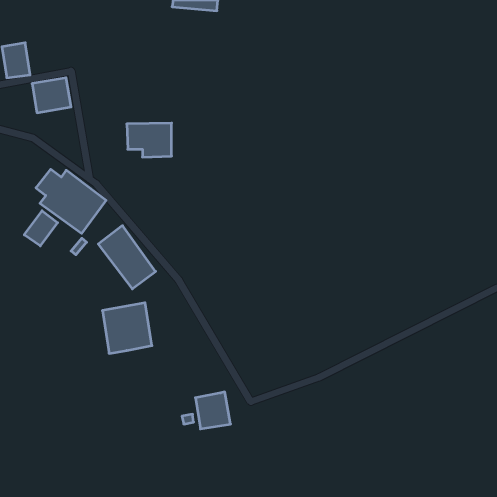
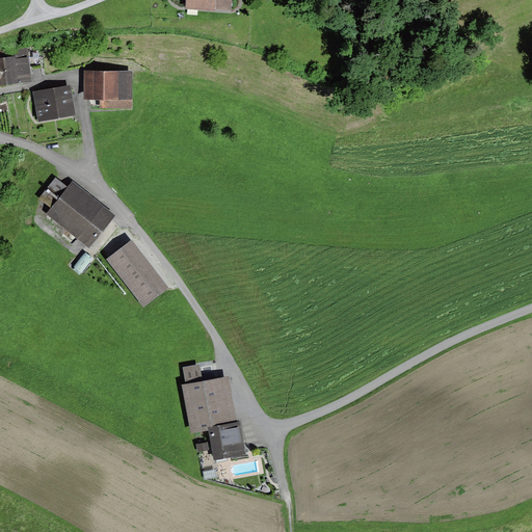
building: [127,123,172,157] -> [82,71,130,107]
building: [24,211,58,246] -> none
building: [102,303,152,353] -> [183,374,236,428]

